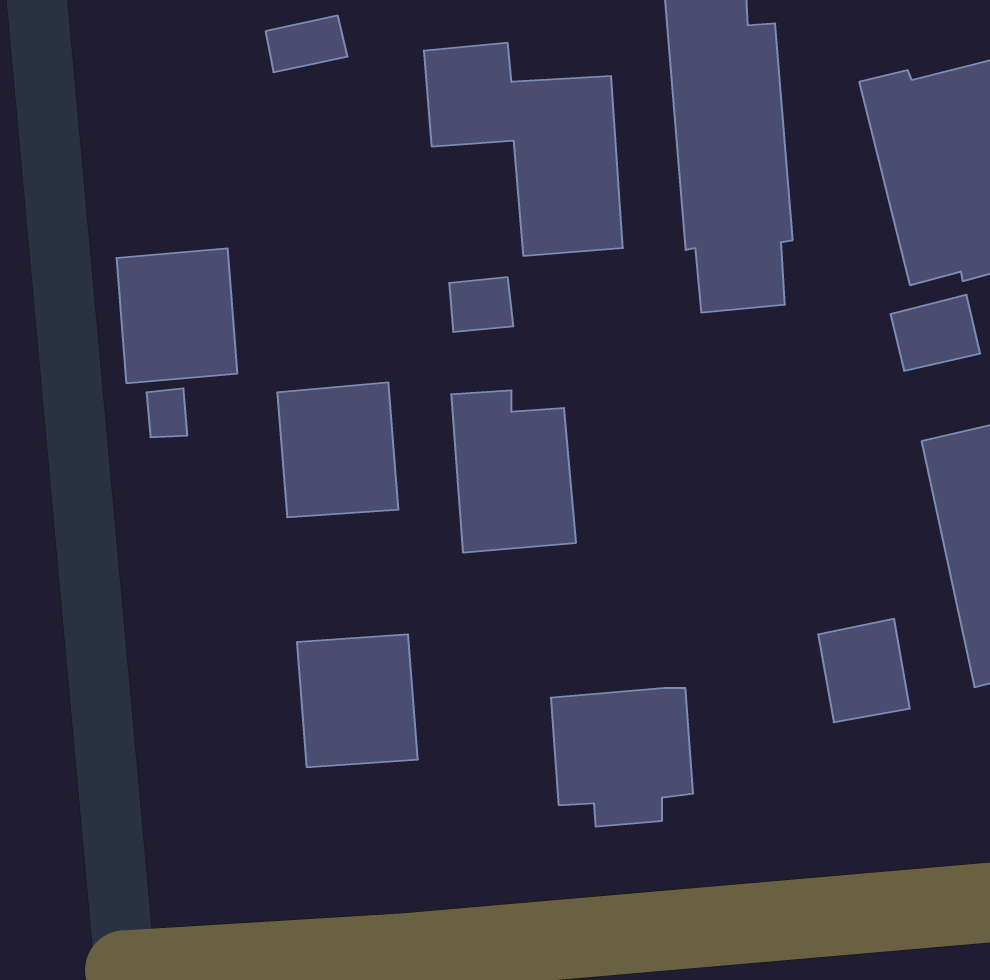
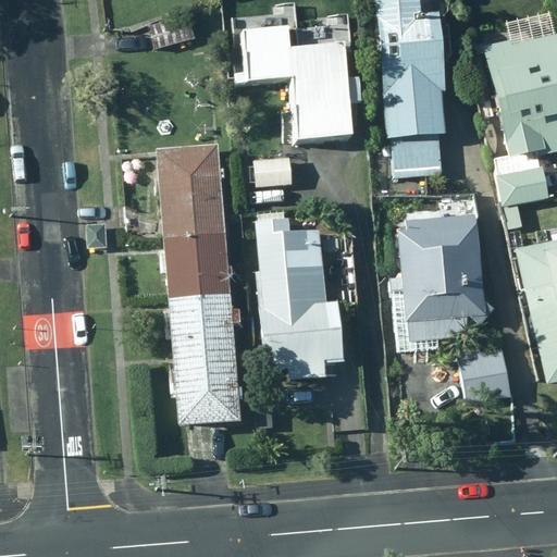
building: [116,248,237,383] -> [153,144,221,219]
building: none -> [397,210,485,344]
building: none -> [164,284,232,358]
building: [551,688,693,827] -> [262,302,342,380]

